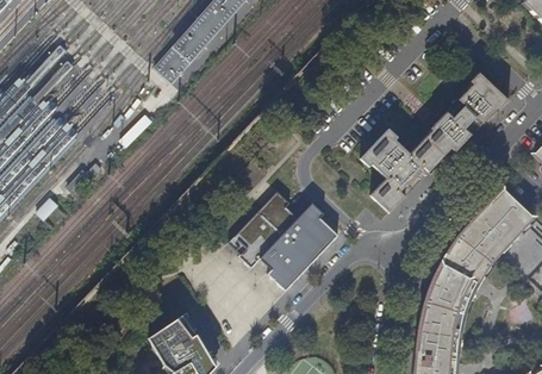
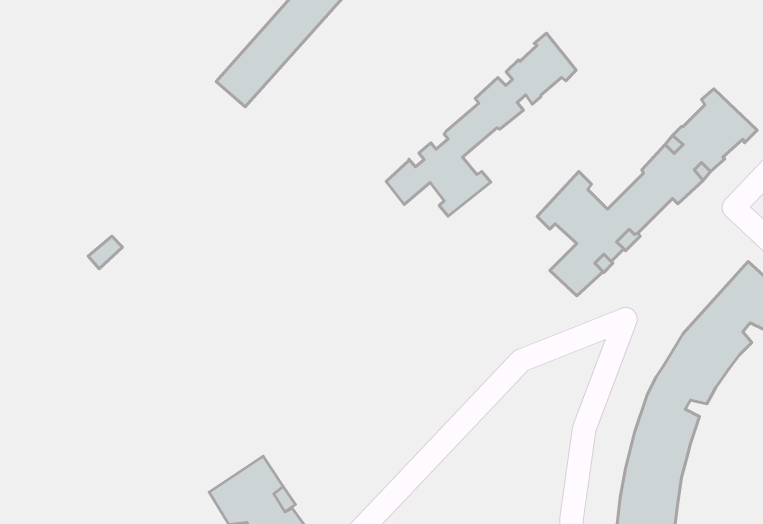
building: none -> [386,33,576,216]
building: [231,191,341,291] -> none

